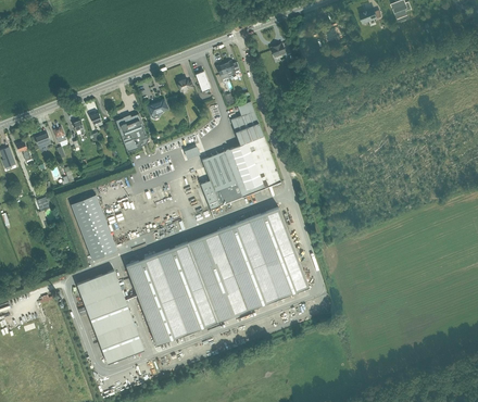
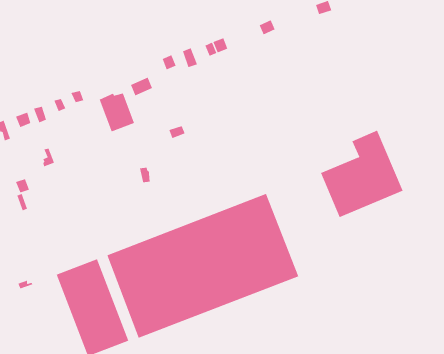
building: [201,122,281,206] -> [320,130,403,218]
building: [71,191,114,257] -> none

